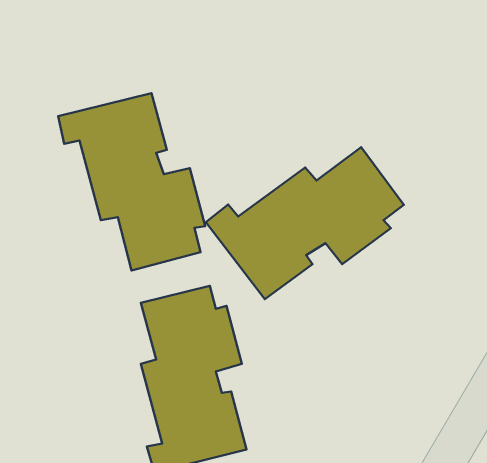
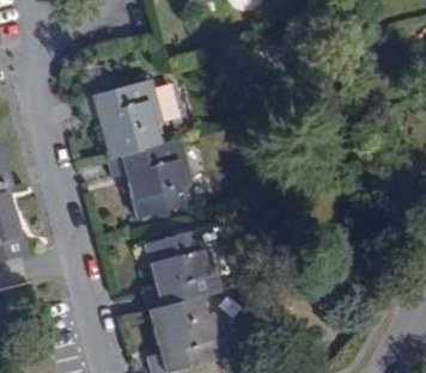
building: [206,147,404,299] -> none

